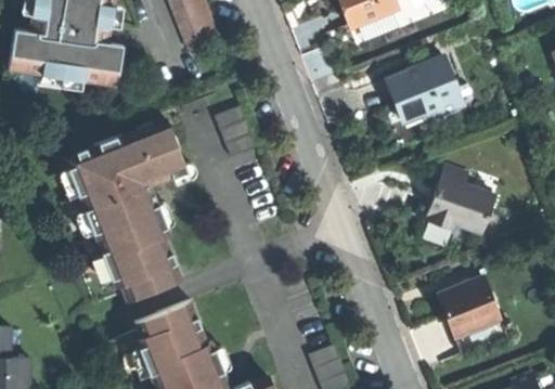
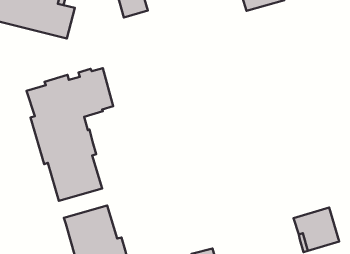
building: [385,57,462,122] -> none
building: [214,106,257,158] -> none
building: [416,166,494,234] -> none

